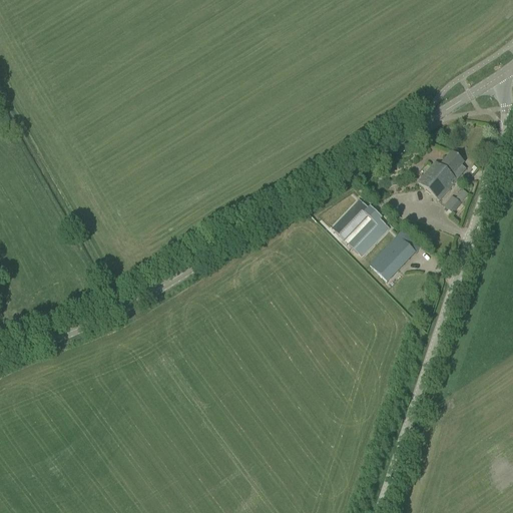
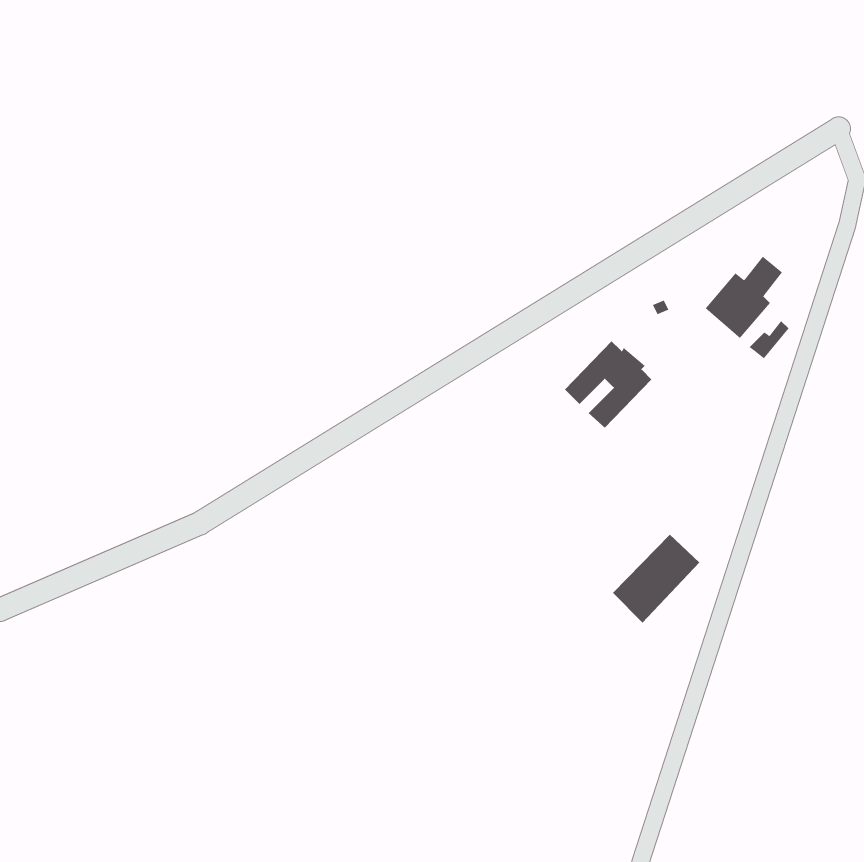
building: [370,228,422,282] -> [612,534,700,623]

